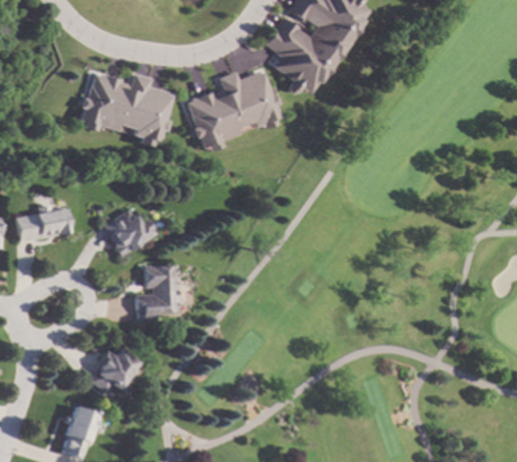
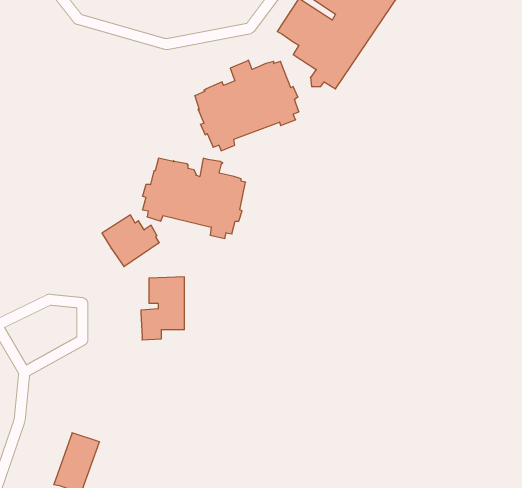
building: [78,73,171,145] -> [142,158,246,238]
building: [17,204,71,241] -> none
building: [90,345,140,392] -> none

